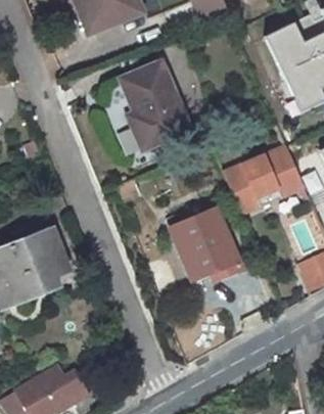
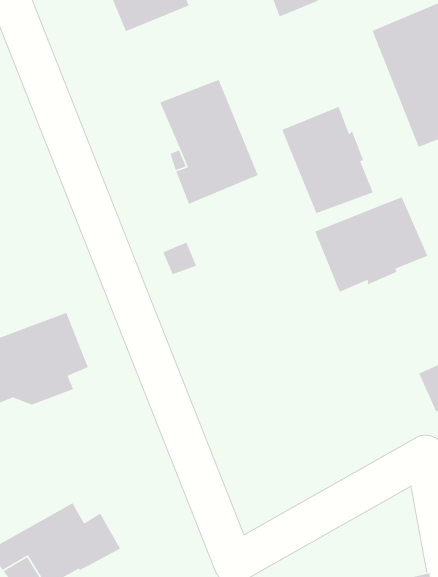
building: none -> [281,106,374,214]
building: [168,210,241,280] -> none

